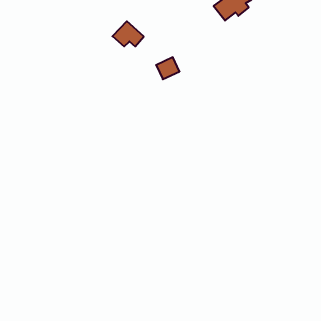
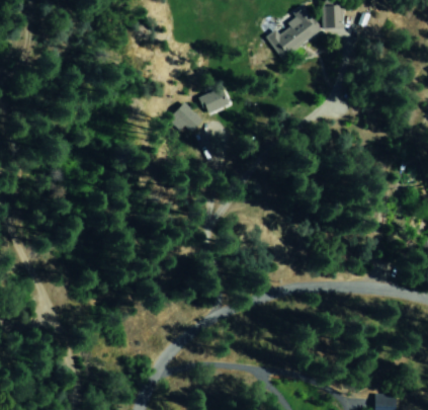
building: [112,21,144,46] -> [169,102,203,131]

